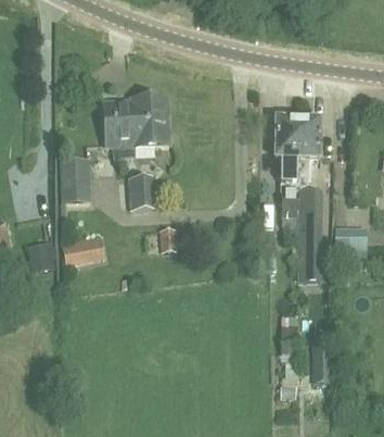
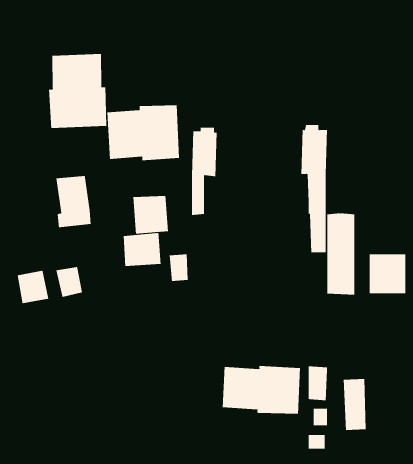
building: none -> [48,53,107,129]
building: [296,115,319,192] -> [191,127,217,215]
building: none -> [123,232,161,267]
building: none -> [222,365,300,415]

